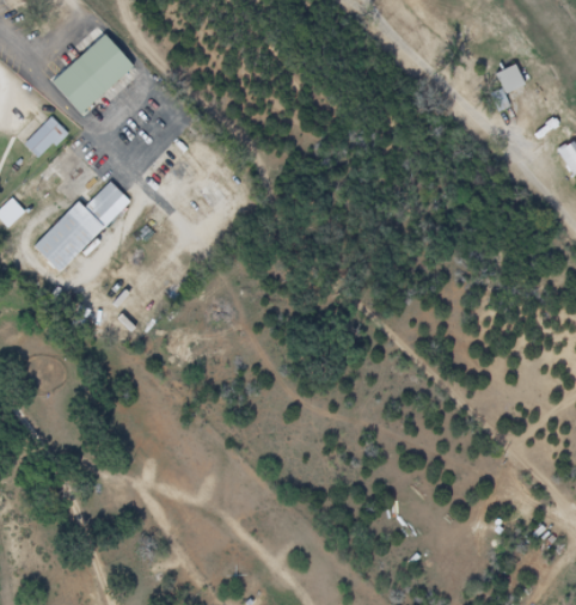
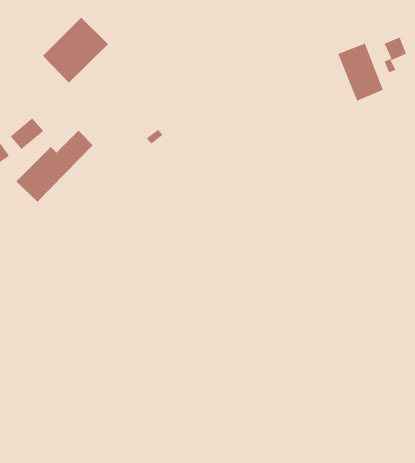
building: none -> [338,43,384,101]
building: [23,116,66,157] -> [10,118,44,150]

